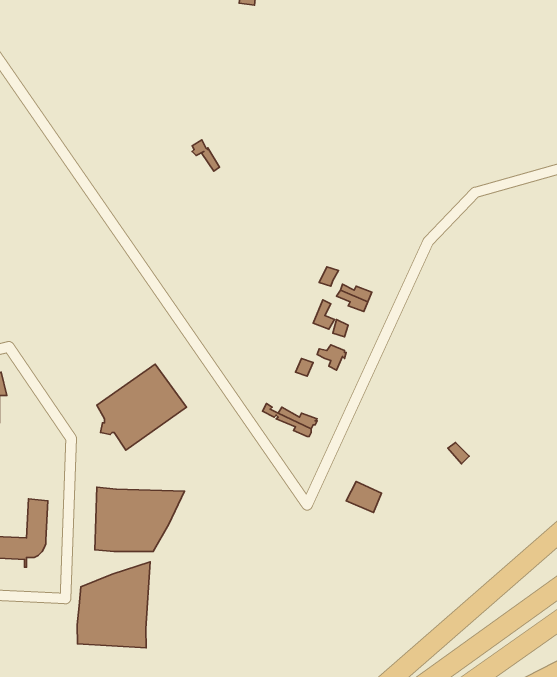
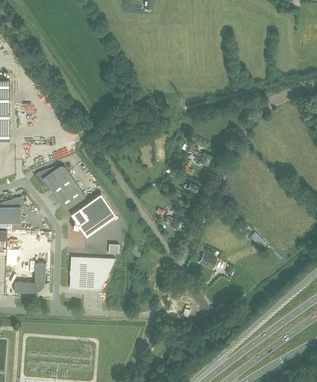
building: none -> [38,165,86,211]
building: [77,562,150,648] -> none

